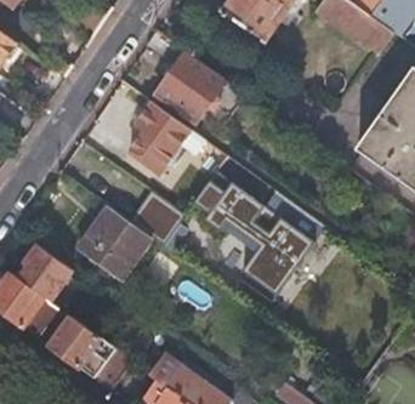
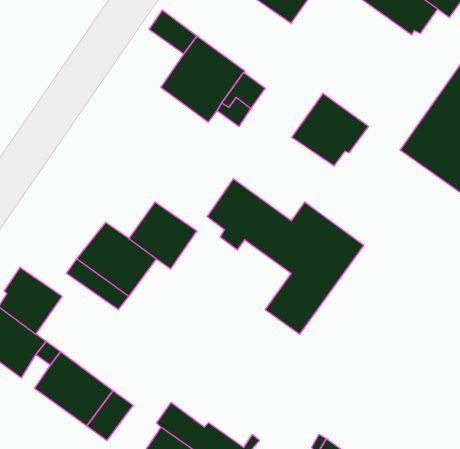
building: none -> [292,93,368,166]
building: [129,101,205,175] -> none

